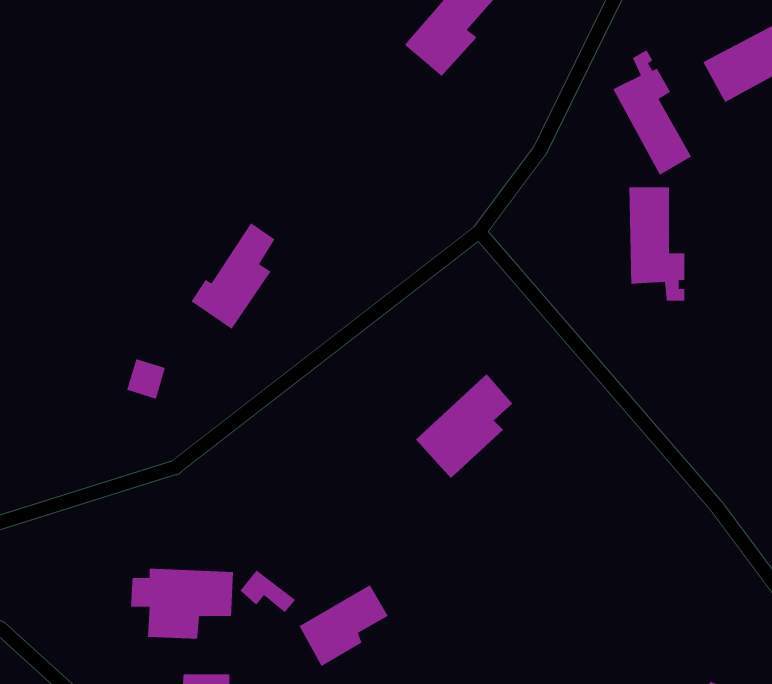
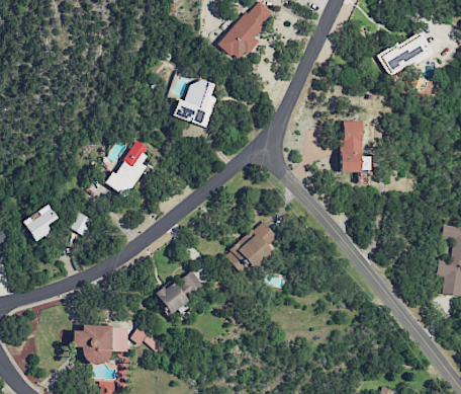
building: [612,49,692,176] -> none
building: none -> [172,79,215,127]
building: none -> [22,204,57,242]
building: [298,584,389,667] -> [155,270,203,315]

